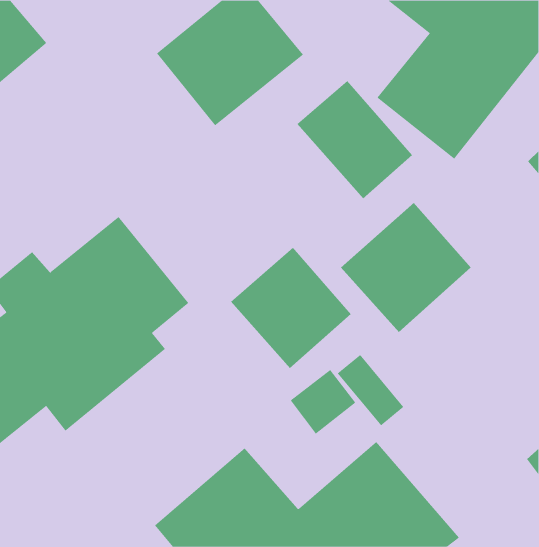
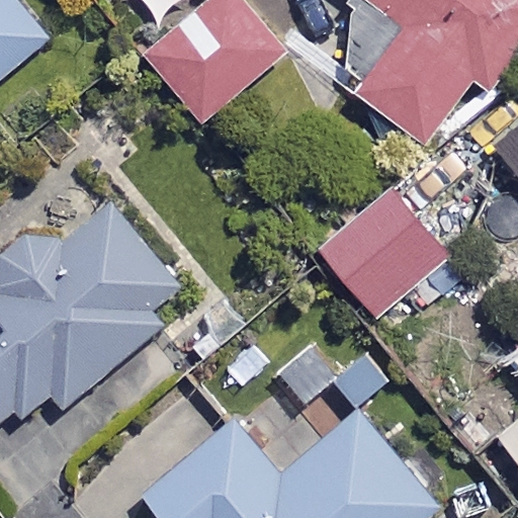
building: [296,80,413,199] -> none
building: [230,247,351,369] -> none

